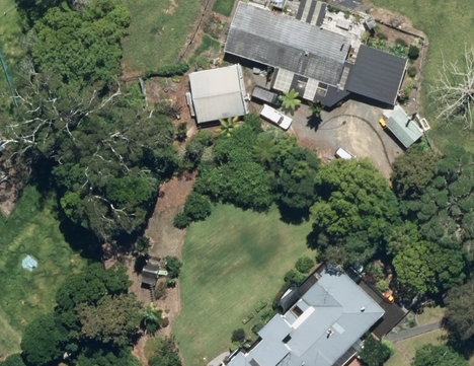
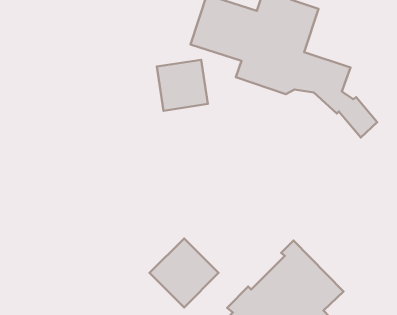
building: none -> [150,239,219,307]

